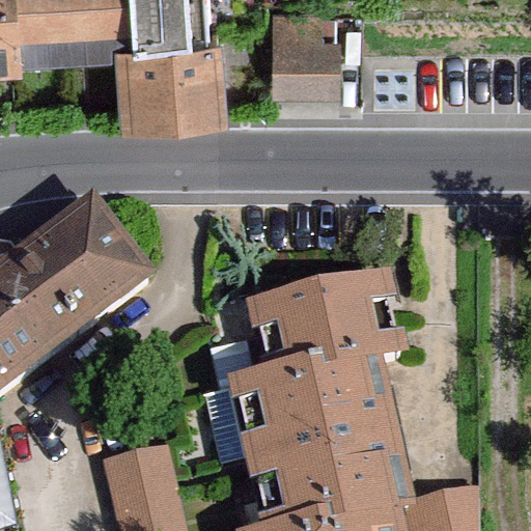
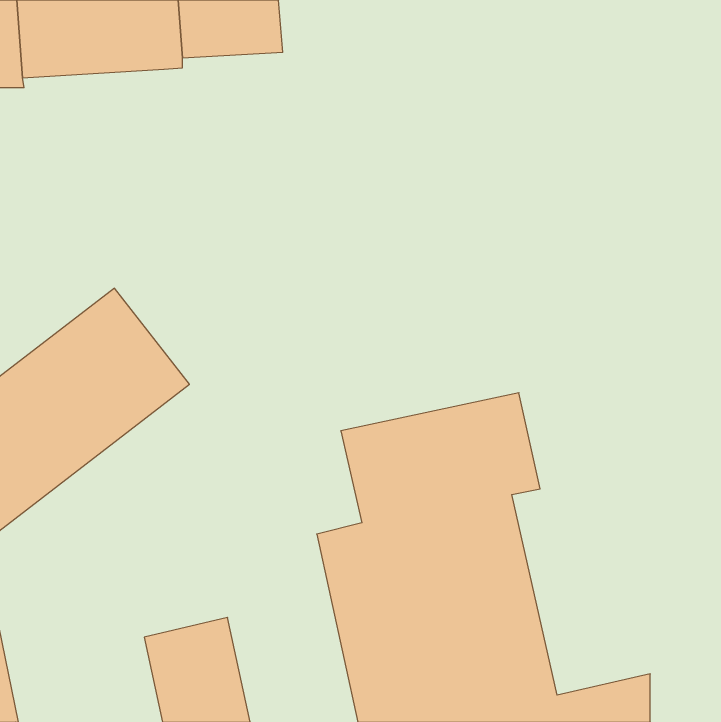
building: [275,17,339,97] -> none
building: [120,38,221,120] -> none

